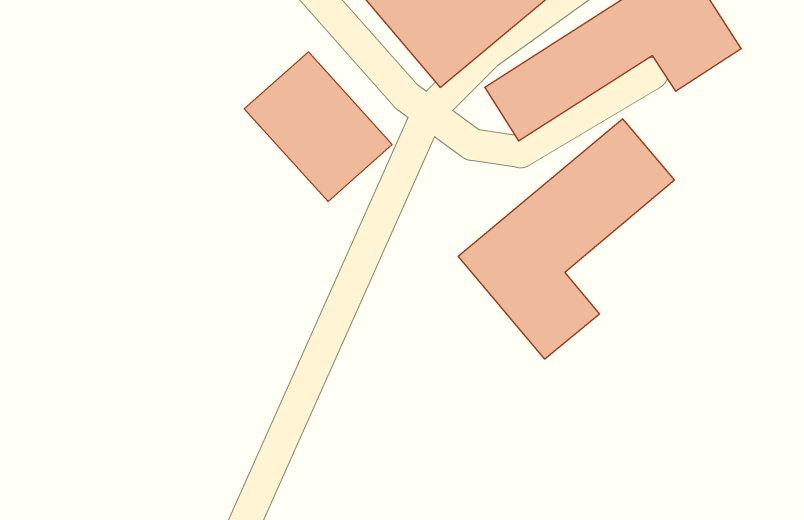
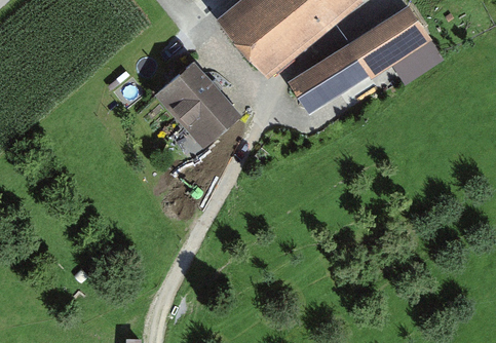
building: [458,119,674,359] -> none

